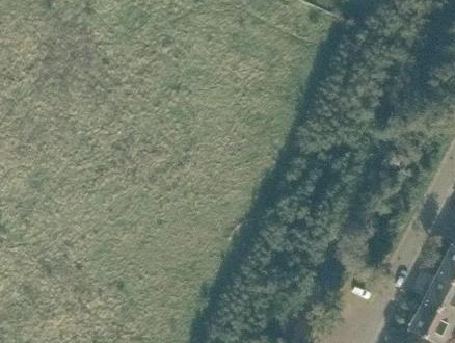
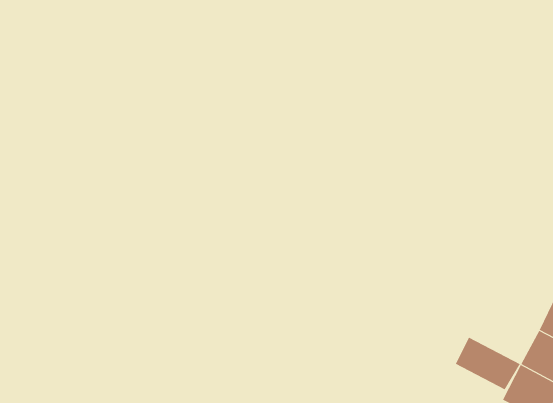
building: none -> [455,337,521,390]

